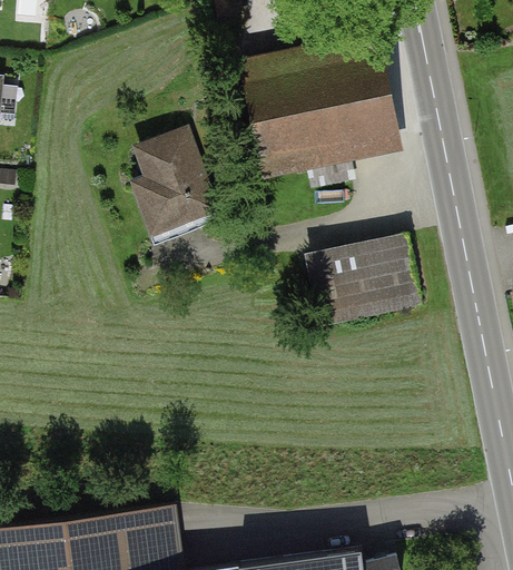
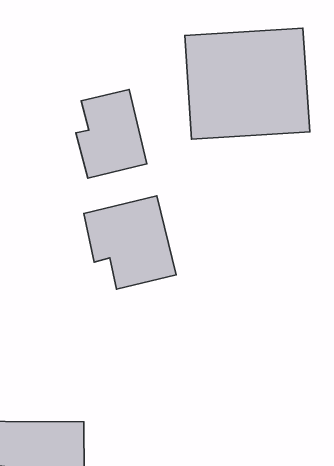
building: [302,237,422,327] -> none
building: none -> [84,196,176,289]

